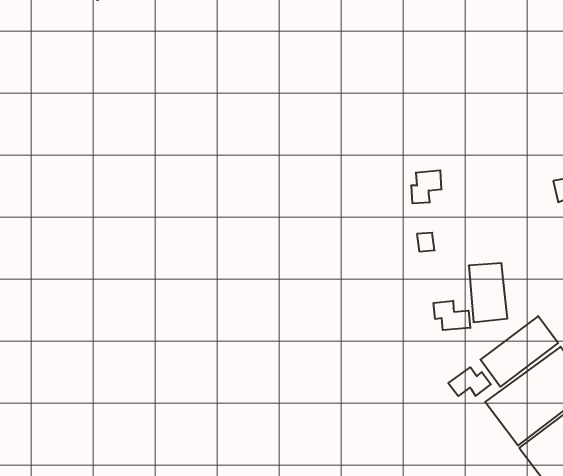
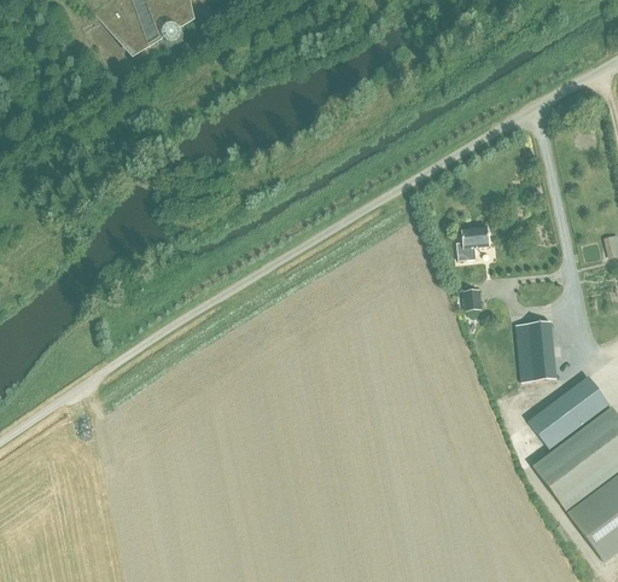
building: [434,301,470,330] -> none
building: [448,367,491,396] -> none

